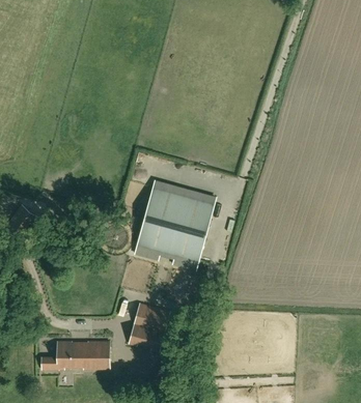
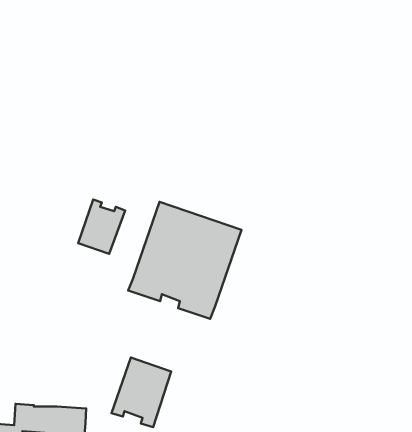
building: none -> [78,199,125,254]

